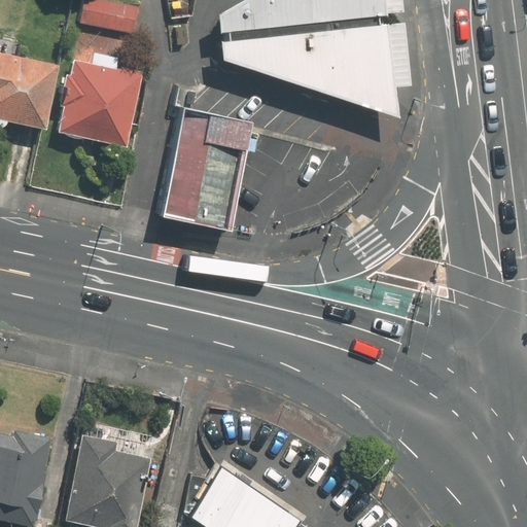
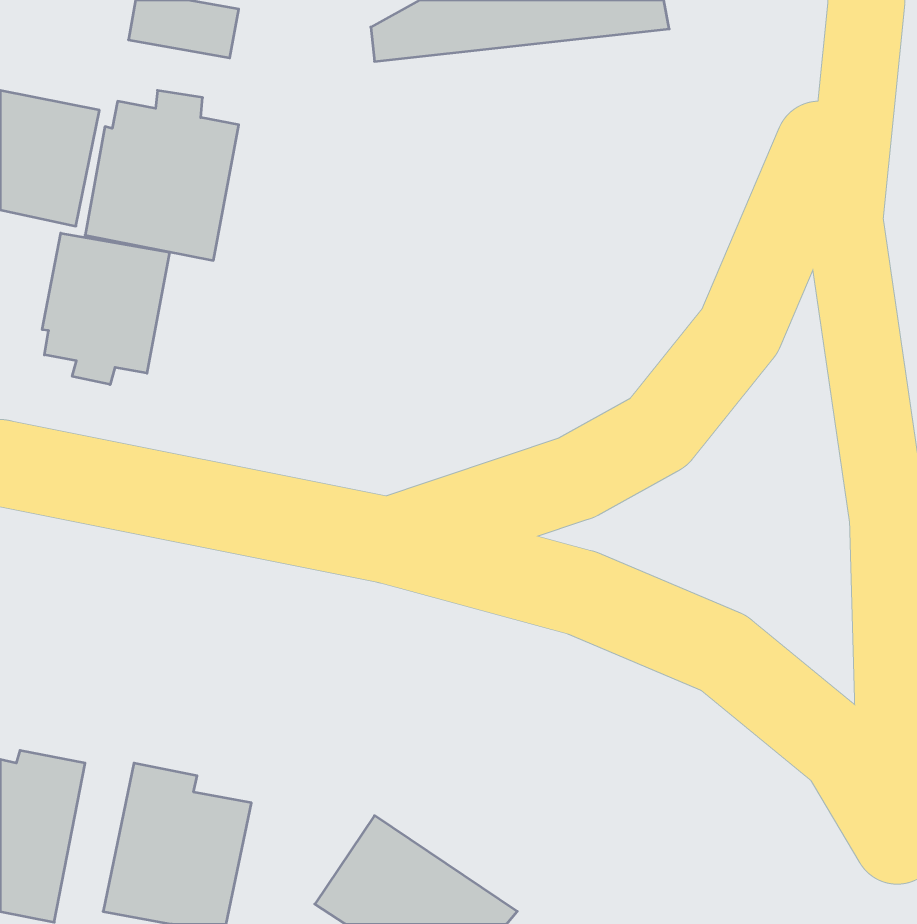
building: [217,26,395,119] -> none
building: [167,109,259,232] -> none
building: none -> [42,233,170,385]

